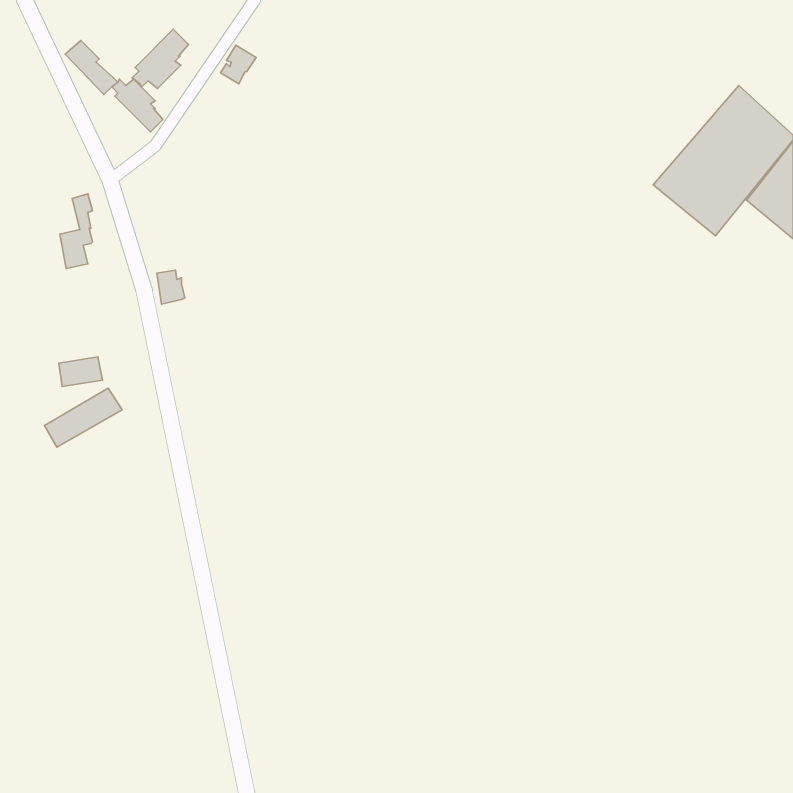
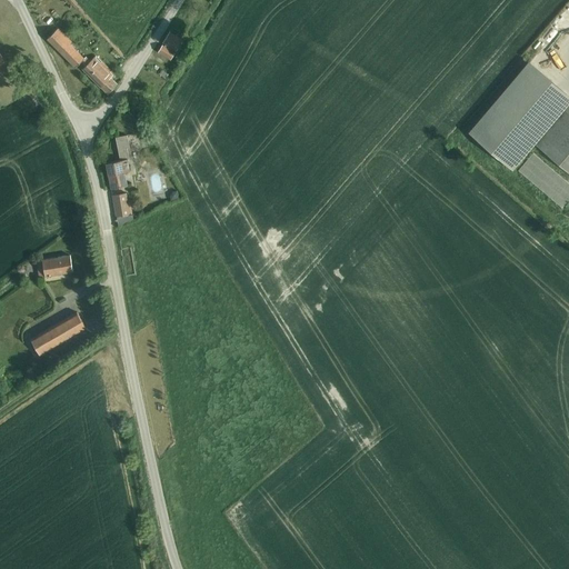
building: [132,29,188,88] -> none
building: [60,194,92,268] -> [107,136,130,189]
building: [44,388,122,447] -> [31,313,87,356]

